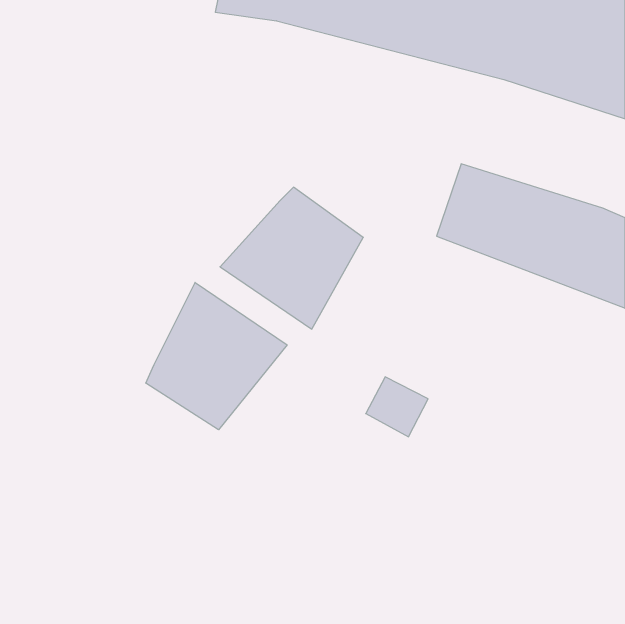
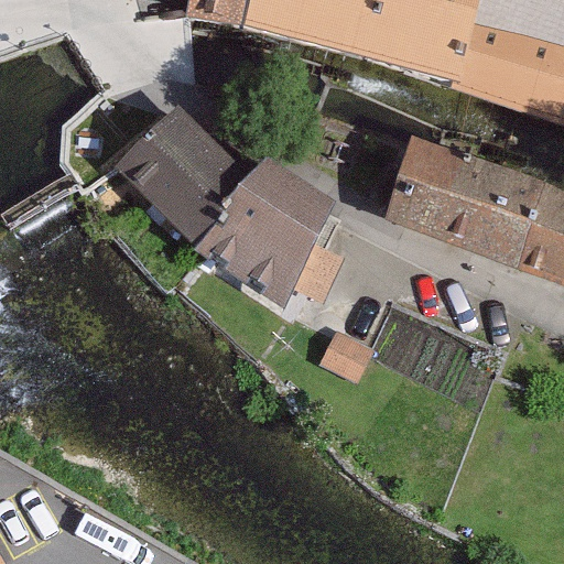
building: none -> [126,115,252,240]
building: [146,282,287,430] -> none

